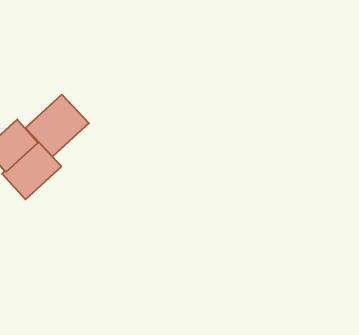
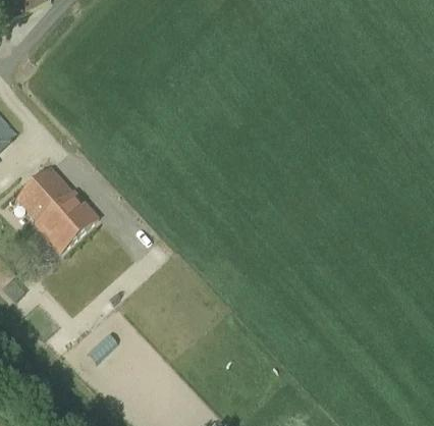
building: [26,95,89,156] -> none

